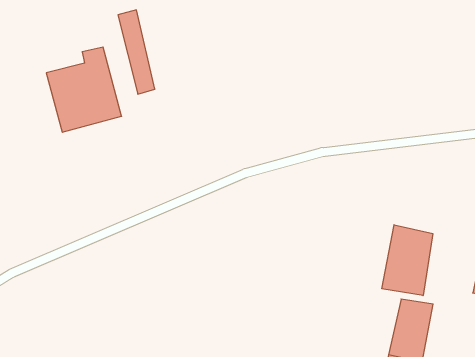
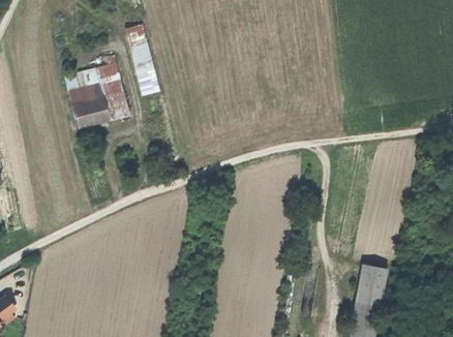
building: [382,225,433,296] -> none

